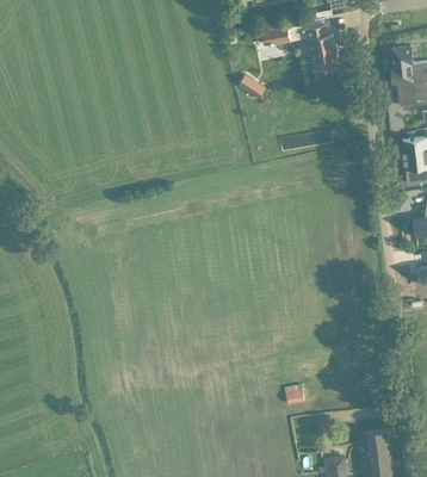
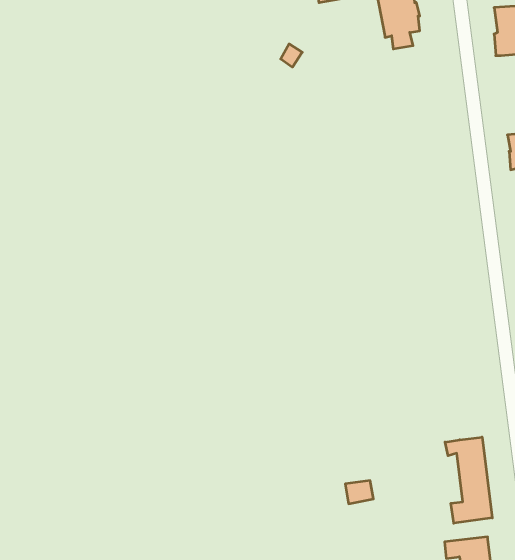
building: none -> [445,437,492,523]

